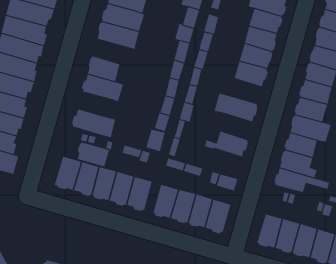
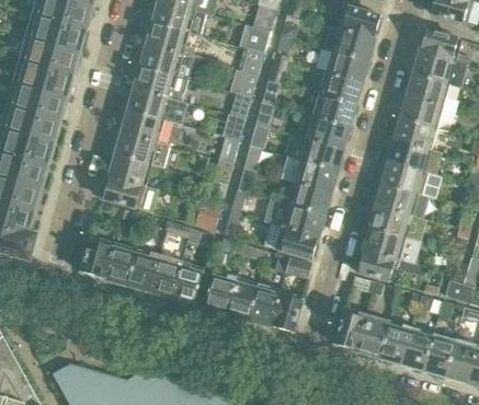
building: none -> [127,89,170,120]
building: none -> [300,138,342,171]
building: none -> [288,182,330,216]
building: [77,142,110,167] -> [110,154,151,186]
building: none -> [263,223,317,259]

